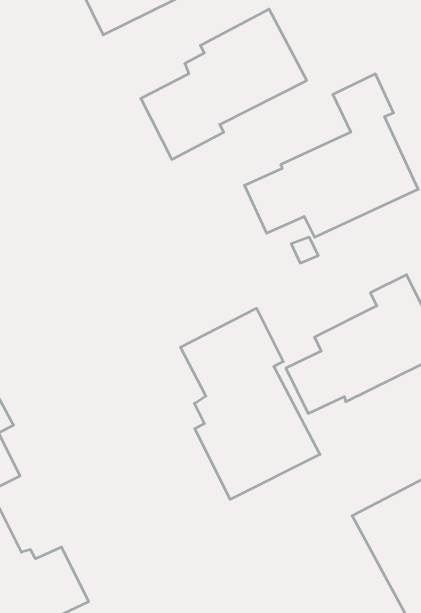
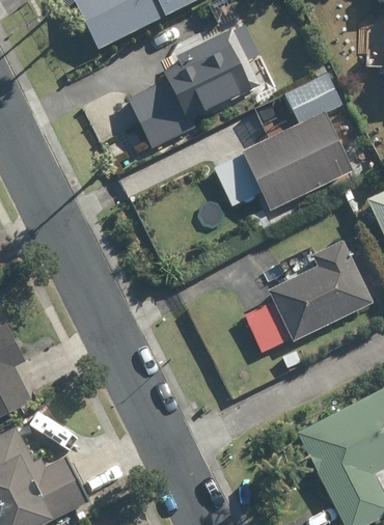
building: [181,308,320,499] -> none

